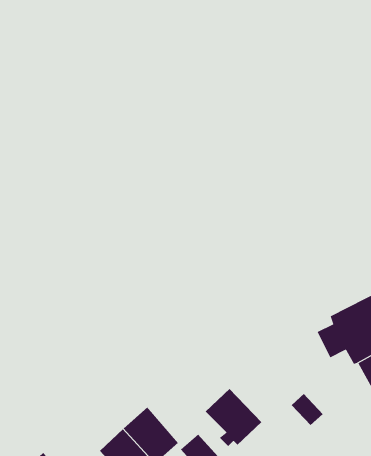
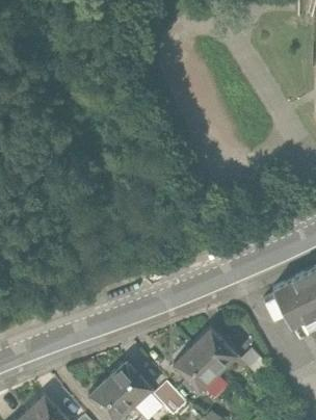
building: none -> [194,326,238,371]

